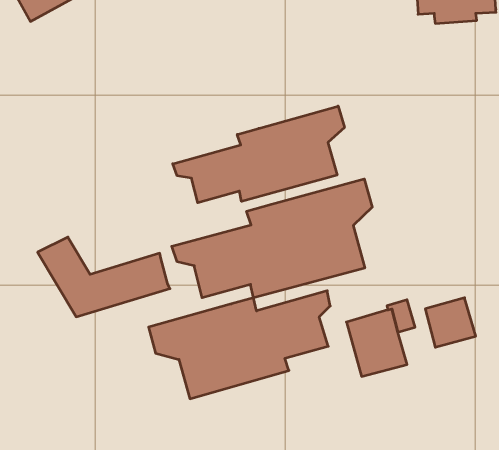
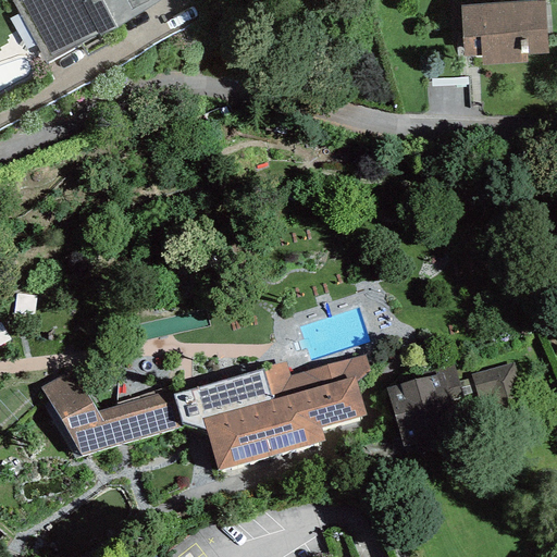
building: [173,106,344,203] -> none
building: [172,179,372,298] -> none
building: [38,237,170,317] -> [40,370,183,456]

